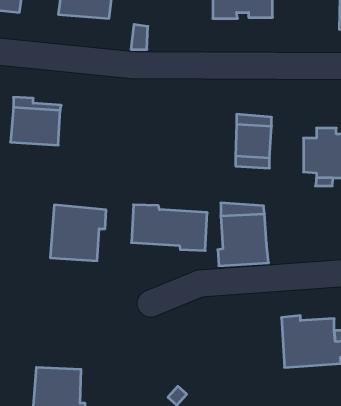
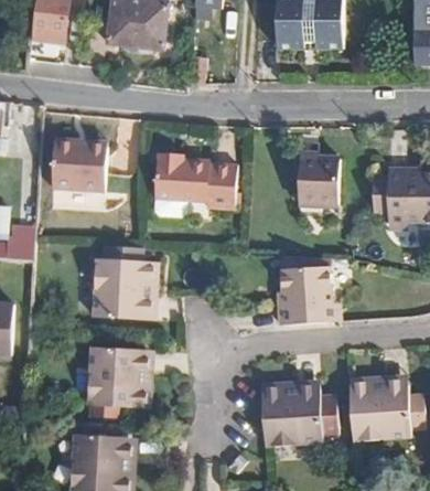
building: [131,205,207,251] -> [151,157,235,207]
building: none -> [92,351,150,407]
building: none -> [262,386,322,444]

